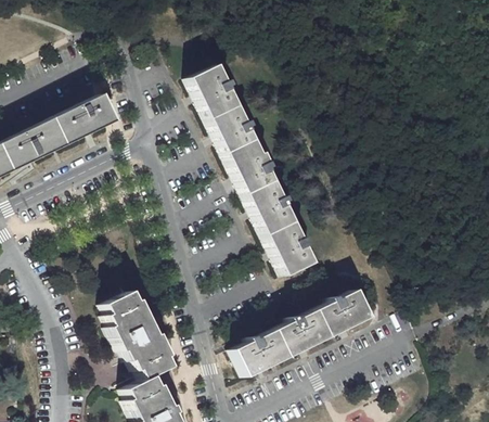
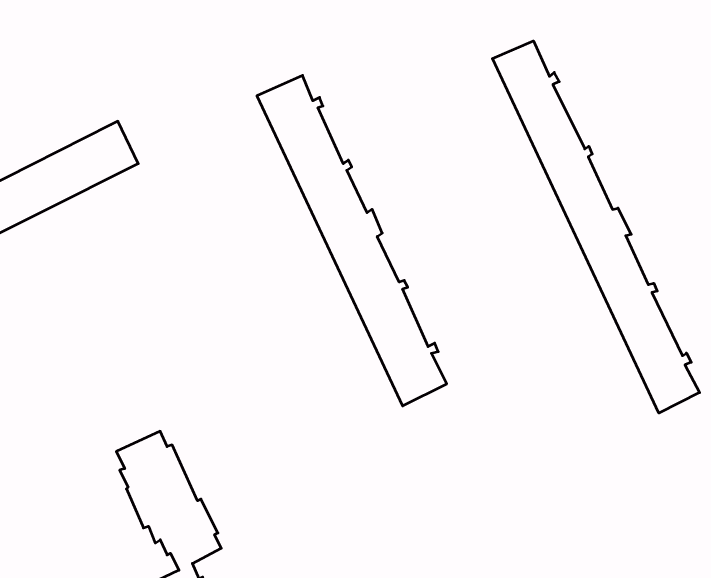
building: none -> [492,41,700,413]
building: [234,290,369,375] -> none

